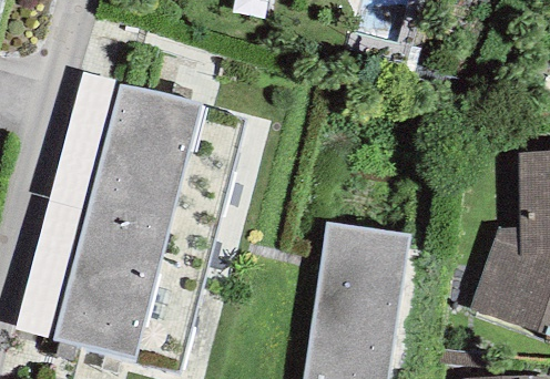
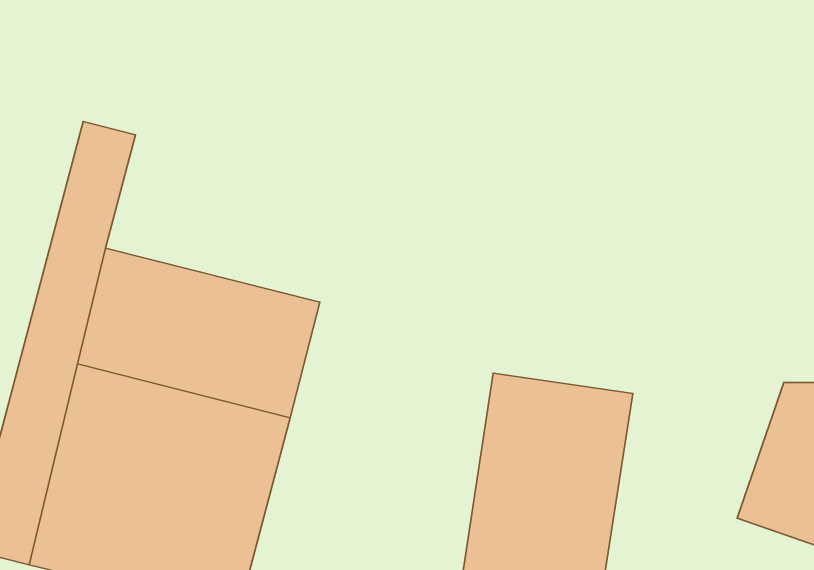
building: [95,81,240,181] -> none

